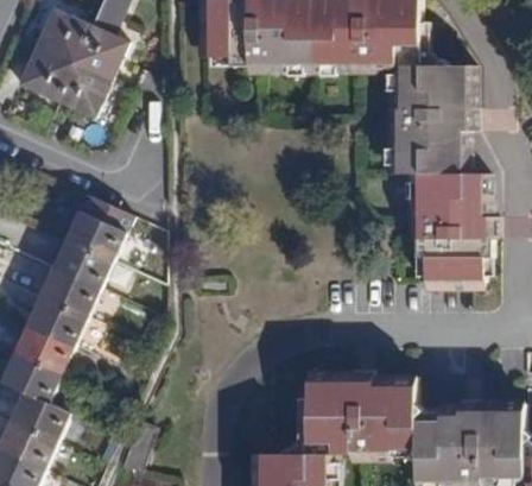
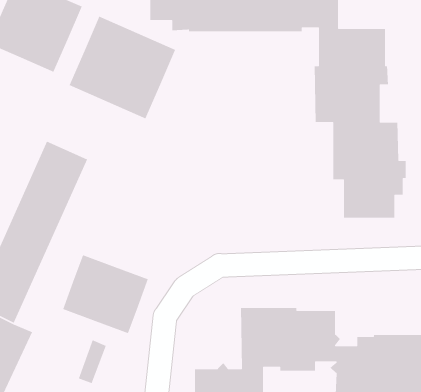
building: none -> [68,16,176,119]
building: none -> [62,254,149,334]

